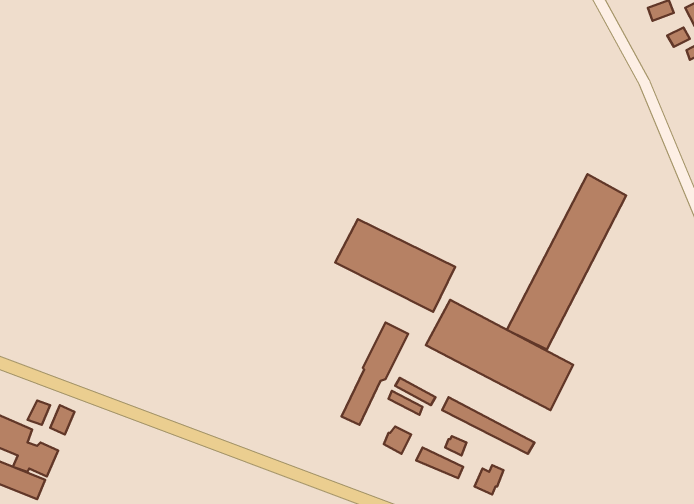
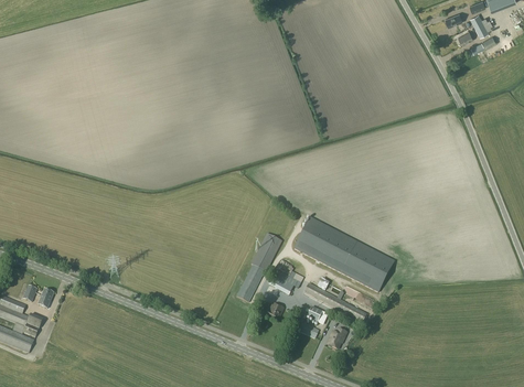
building: [507,174,626,350] -> none
building: [335,219,455,312] -> none

